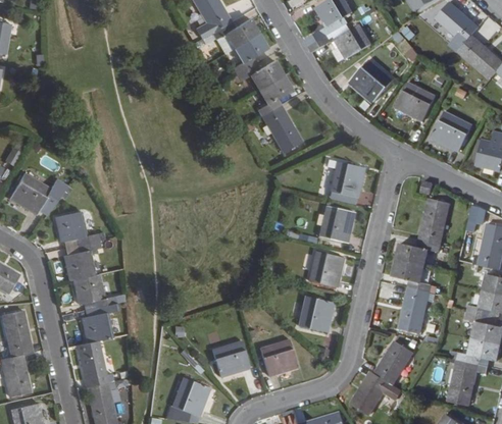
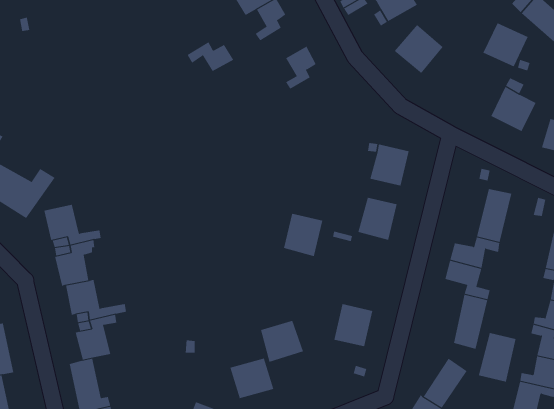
building: [238,62,278,88] -> [187,42,234,72]
building: [396,83,435,120] -> [483,22,529,67]
building: [263,104,303,152] -> none
building: [310,250,344,286] -> [283,213,323,257]
building: none -> [478,332,516,382]
building: [261,339,298,375] -> [260,320,304,362]

